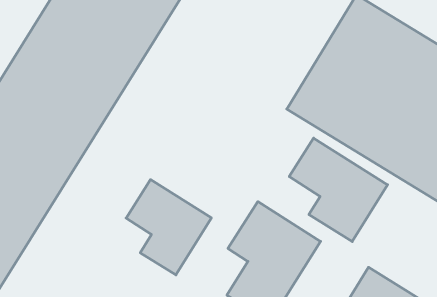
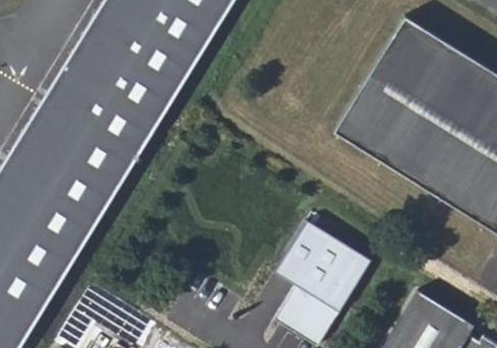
building: [289,138,388,242] -> none
building: [126,180,211,275] -> none

